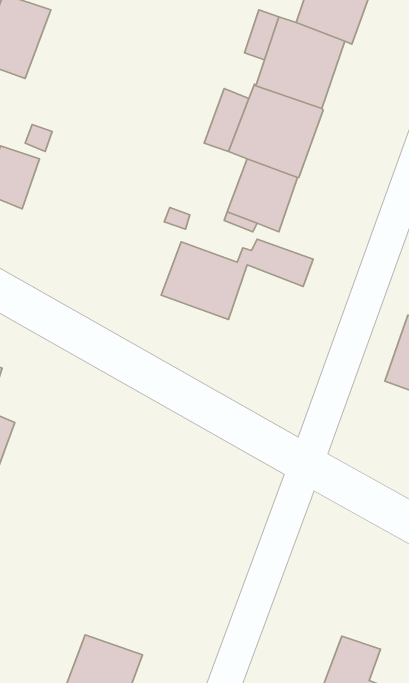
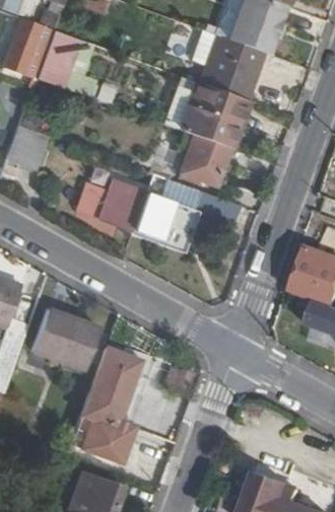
building: none -> [37,29,82,88]
building: none -> [77,180,147,231]
building: none -> [32,307,105,370]
building: none -> [71,347,141,462]

